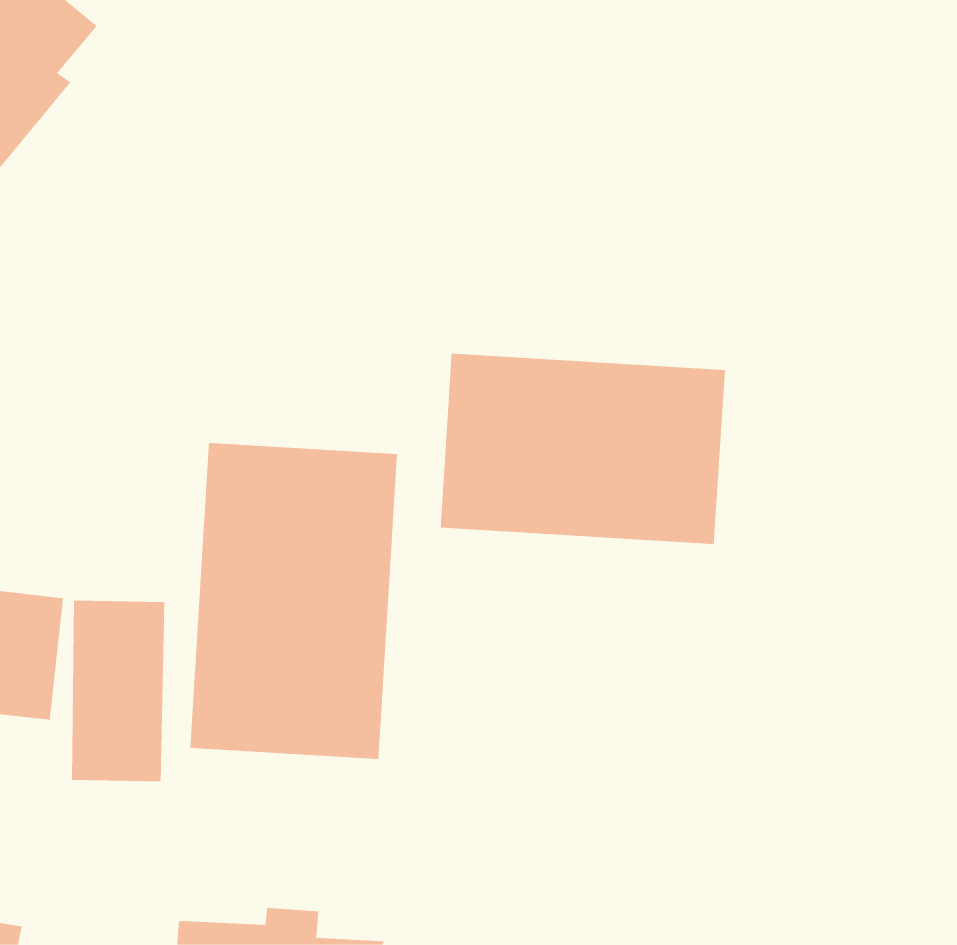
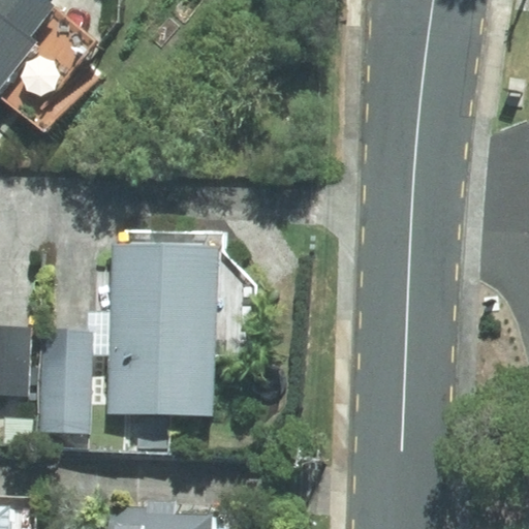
building: [440,353,725,545] -> none

